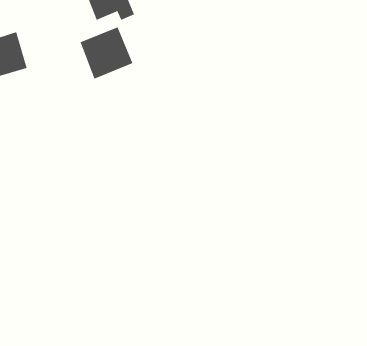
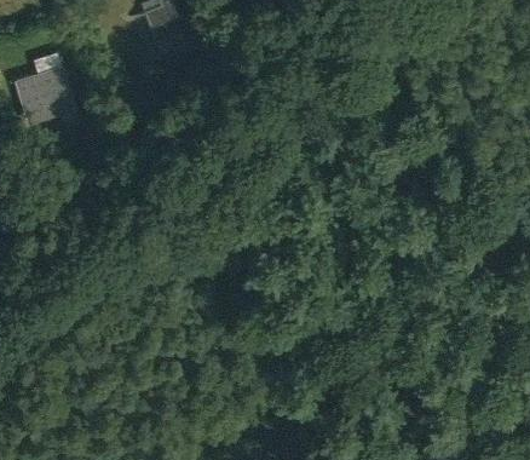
building: [80,27,133,79] -> none

